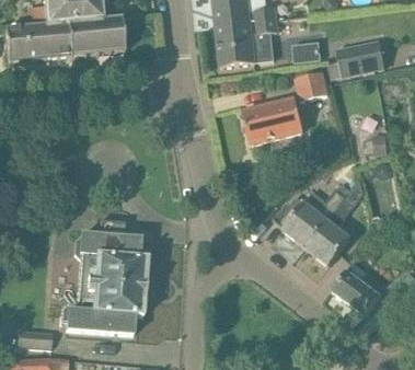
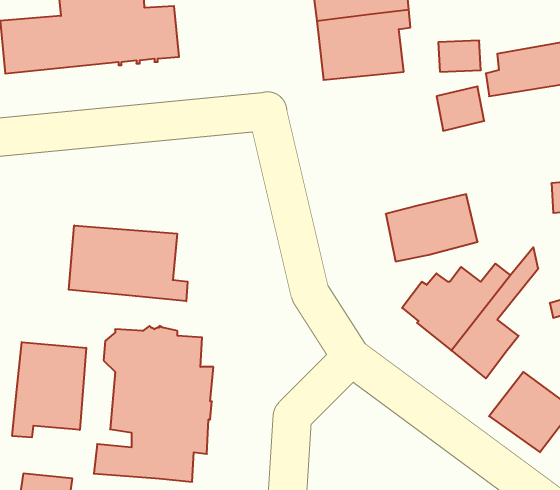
building: [242,99,303,143] -> [386,194,478,261]
building: none -> [69,225,188,301]
building: none -> [12,342,86,437]

